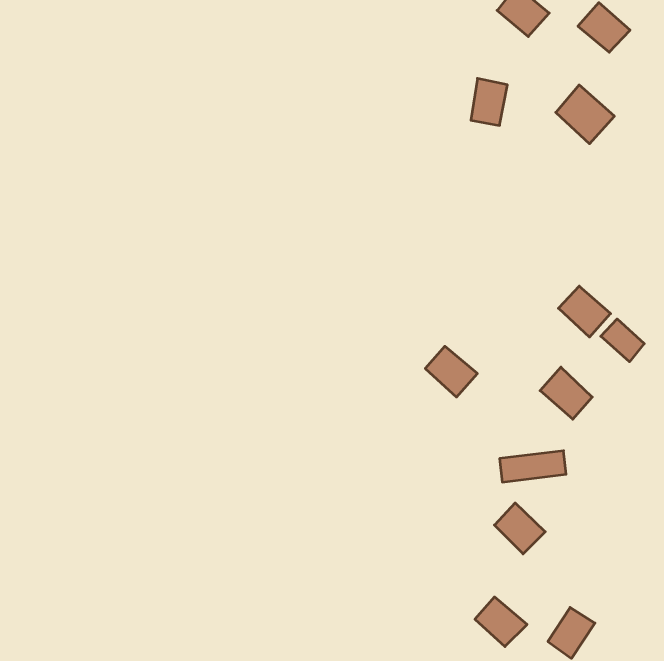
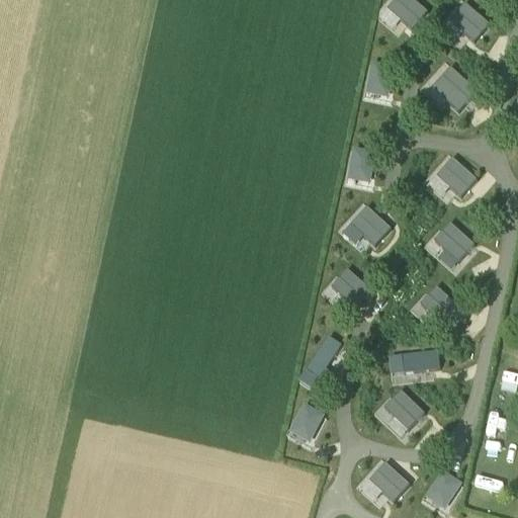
building: none -> [346,148,375,183]
building: none -> [435,157,476,196]
building: none -> [350,205,391,245]
building: [601,319,644,362] -> none
building: none -> [297,335,341,388]
building: none -> [288,403,324,442]

